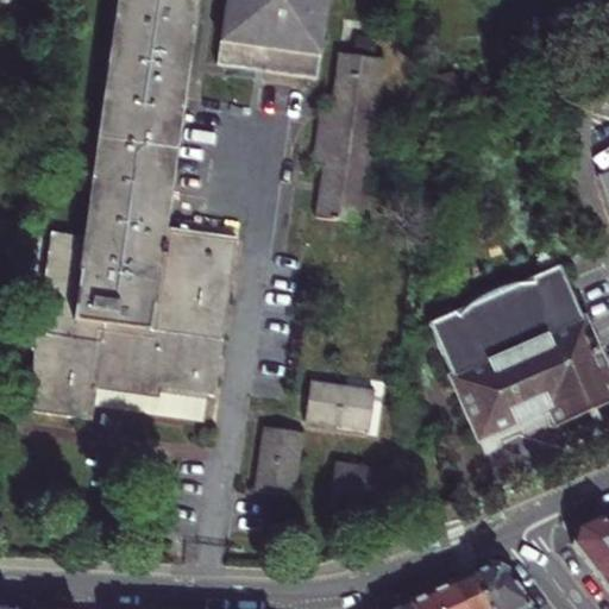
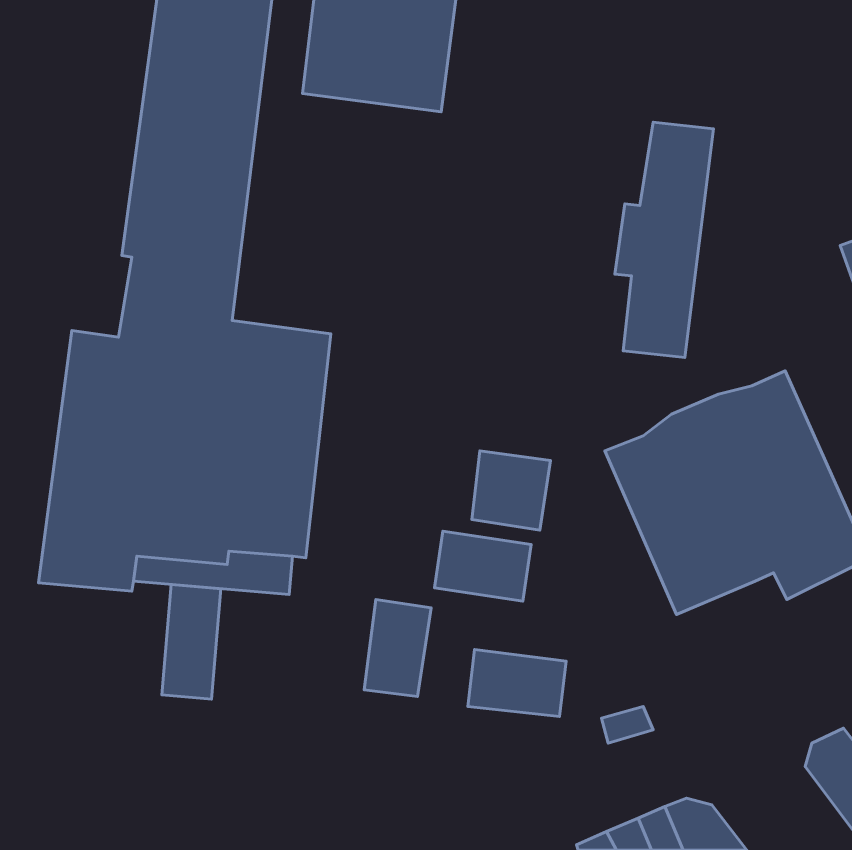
building: [312,56,382,224] -> [615,122,713,358]
building: none -> [472,451,550,530]
building: none -> [162,584,221,699]

